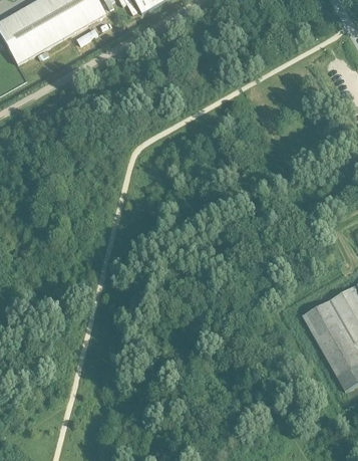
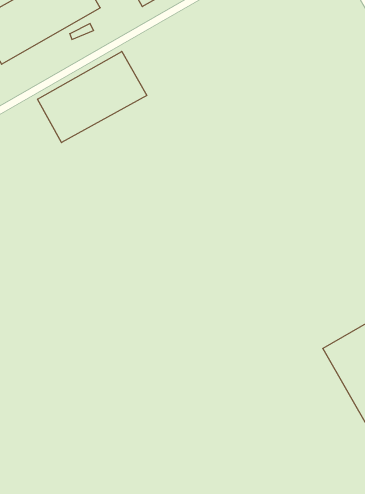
building: none -> [38,51,147,143]

